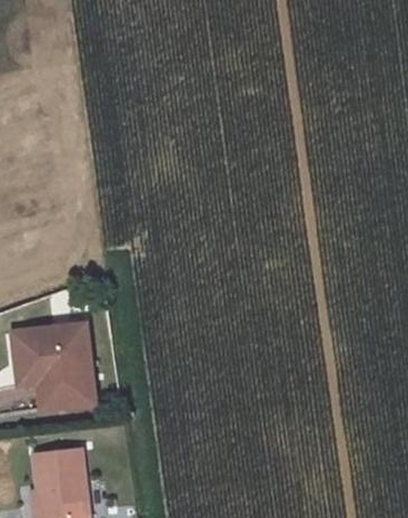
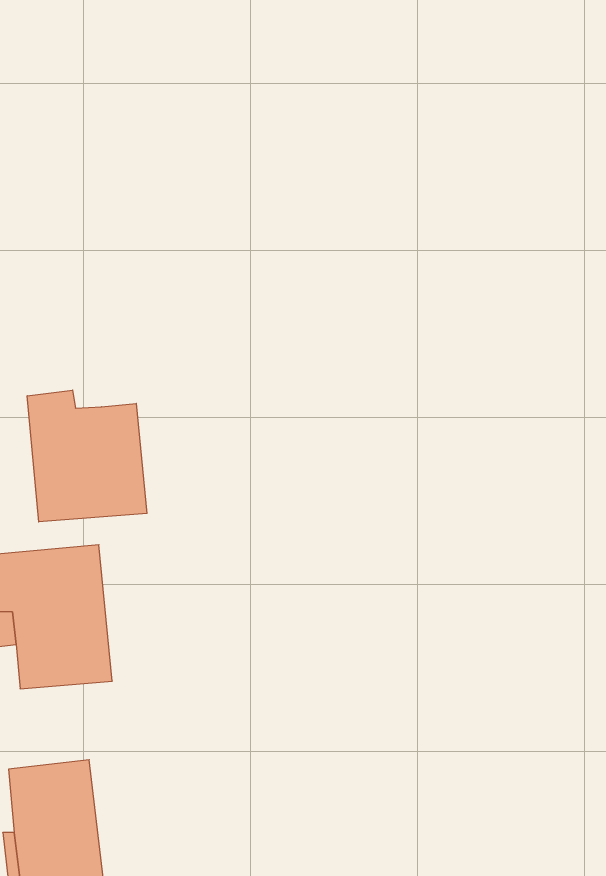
building: none -> [27,390,147,522]

